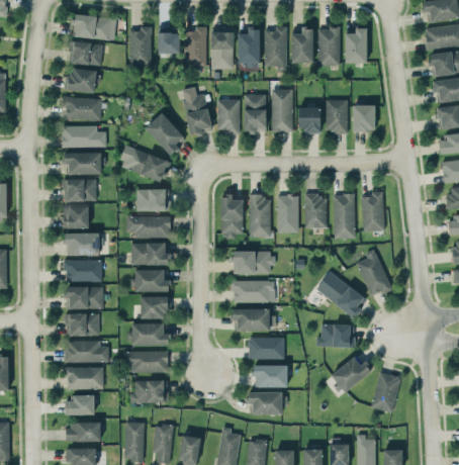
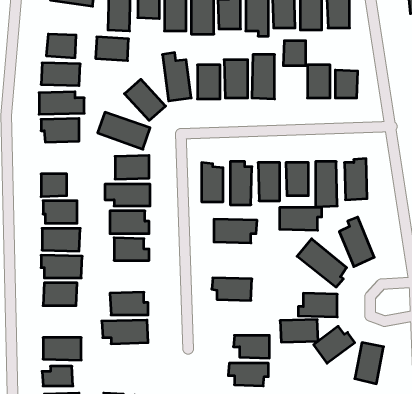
building: [69,41,101,65] -> [96,37,129,61]
building: [297,107,319,131] -> [283,41,306,66]
building: [62,179,96,201] -> none
building: [232,280,273,302] -> [280,208,322,230]
building: [140,295,170,319] -> none
building: [247,337,284,359] -> [280,320,318,342]
building: [64,340,108,362] -> none
building: [129,380,166,402] -> none

